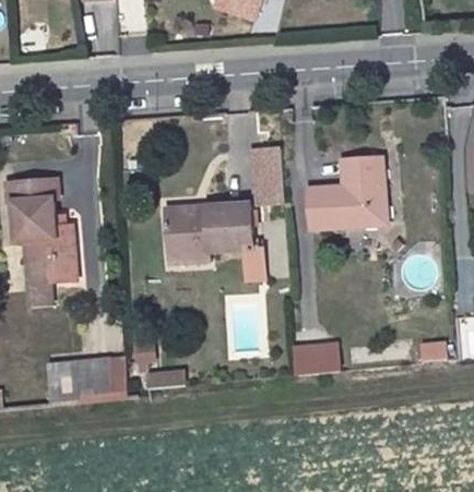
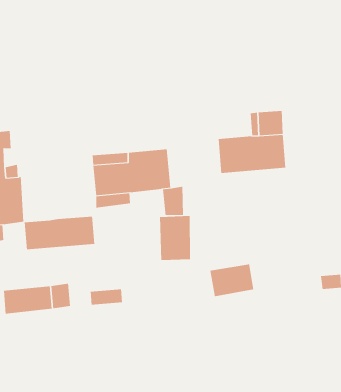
building: [249,143,282,200] -> none
building: none -> [160,215,190,261]
building: none -> [24,216,95,250]

